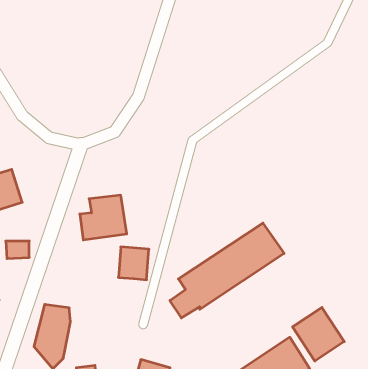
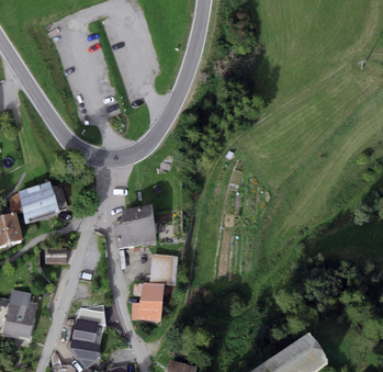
building: [170,223,284,318] -> none
building: none -> [132,282,164,320]
building: [293,307,344,361] -> none

